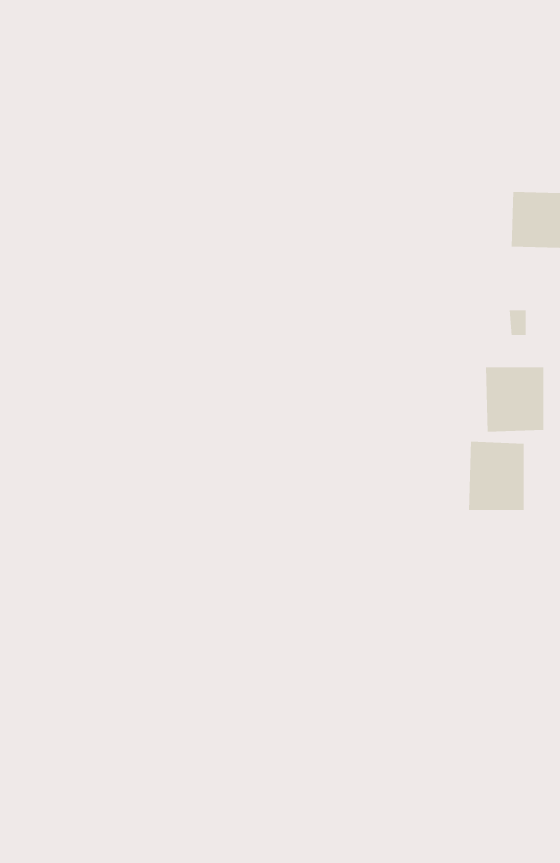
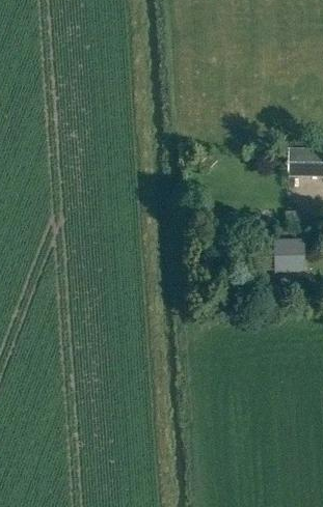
building: [469,441,524,511] -> none

